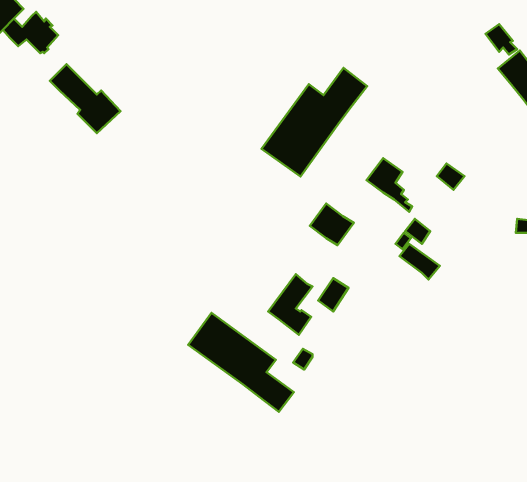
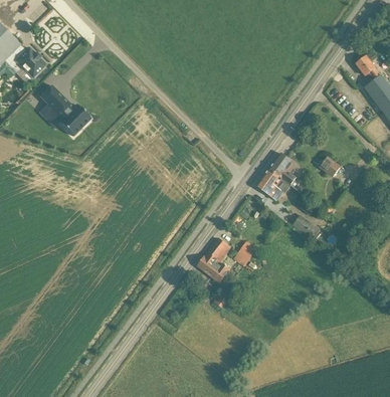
building: [262,68,367,177] -> none
building: [310,204,354,245] -> [257,169,289,199]
building: [188,313,294,412] -> none

